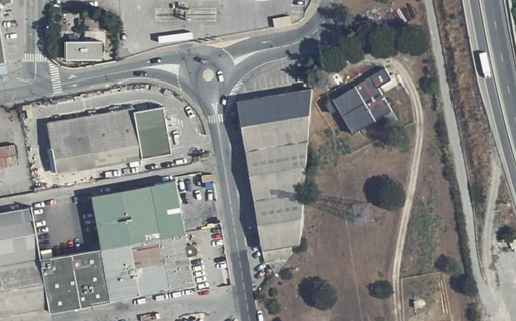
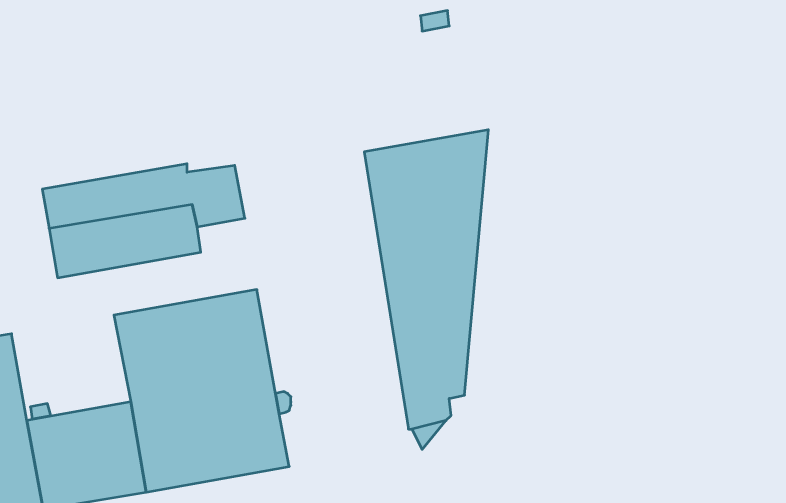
building: [64,41,99,60] -> none
building: [324,68,390,134] -> none
building: [140,139,171,159] -> none

